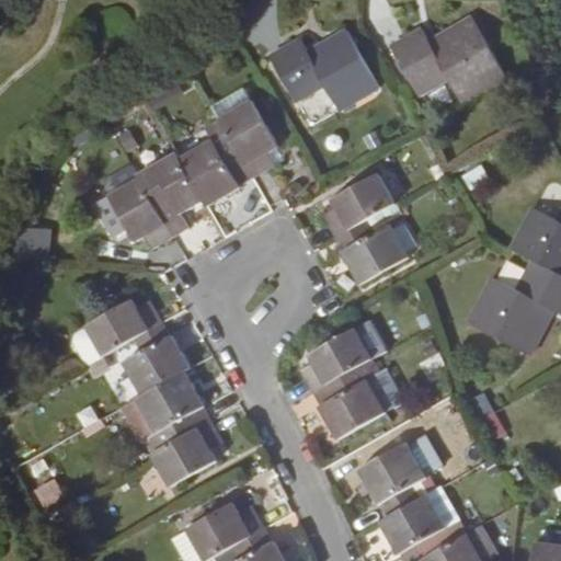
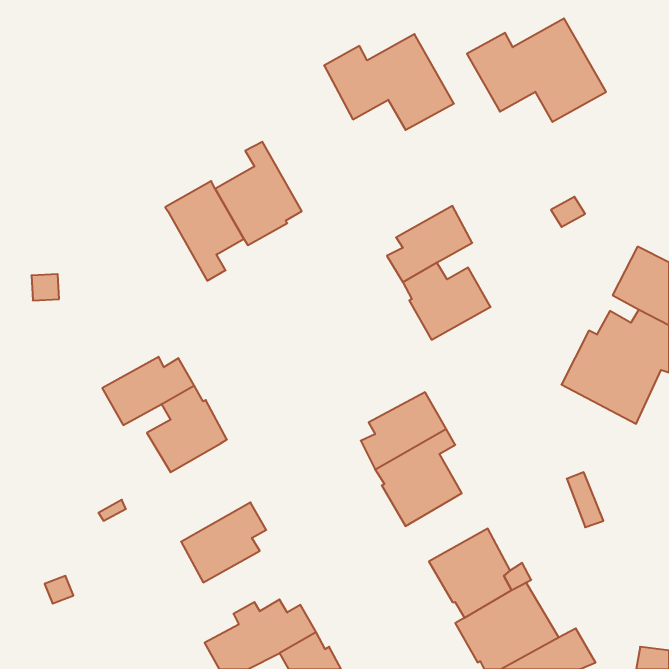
building: [211,87,278,176] -> none
building: [94,176,173,248] -> none
building: [123,370,209,451] -> none

